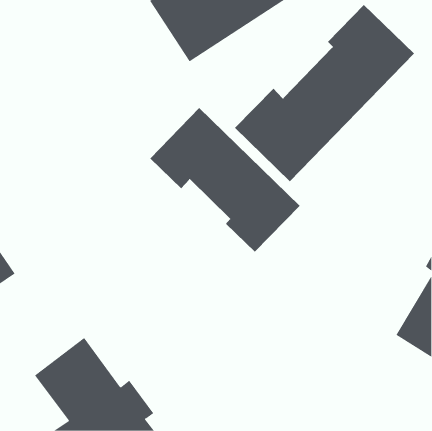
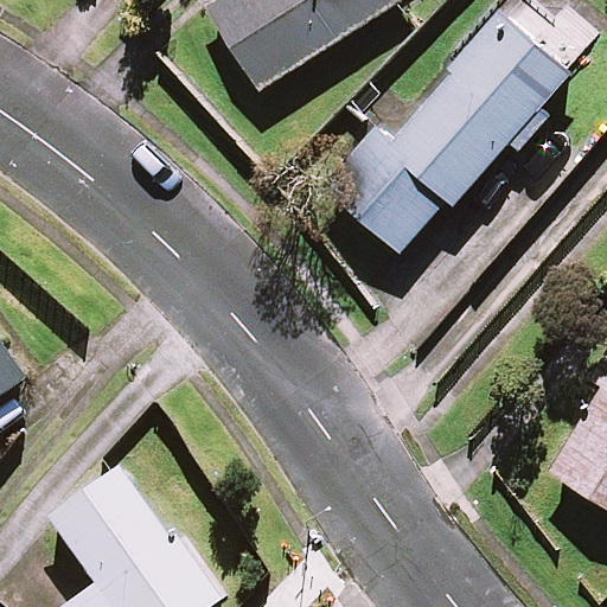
building: [150,107,300,252] -> none

